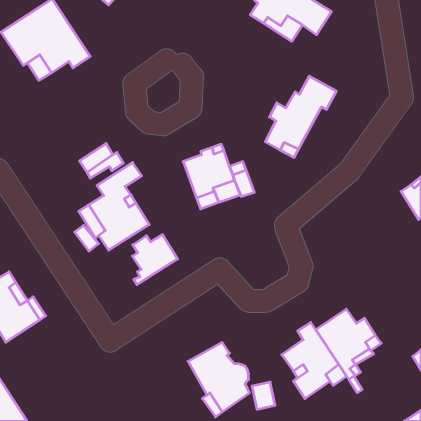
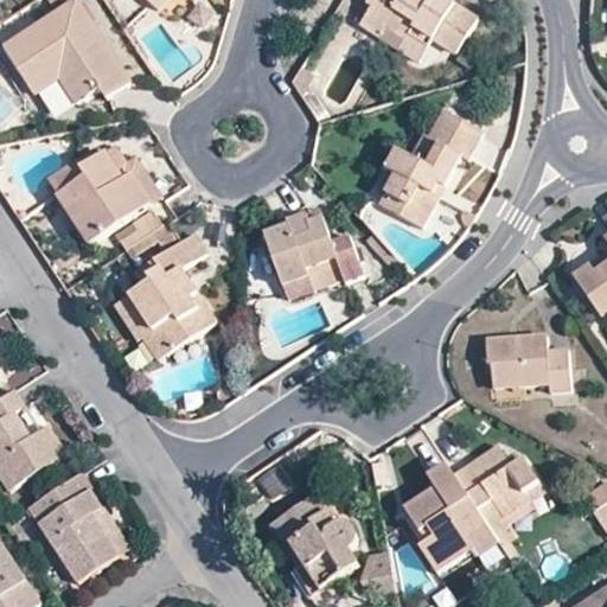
building: none -> [45,149,151,243]
building: none -> [485,332,569,391]
building: [132,235,178,285] -> none
building: none -> [27,473,117,580]

